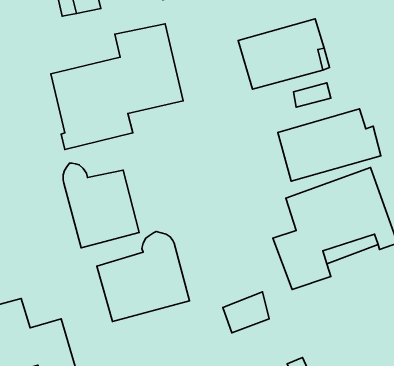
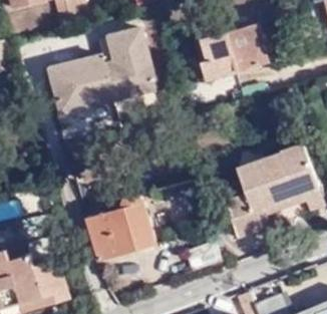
building: [278,109,381,181] -> none
building: [63,163,139,248] -> none

